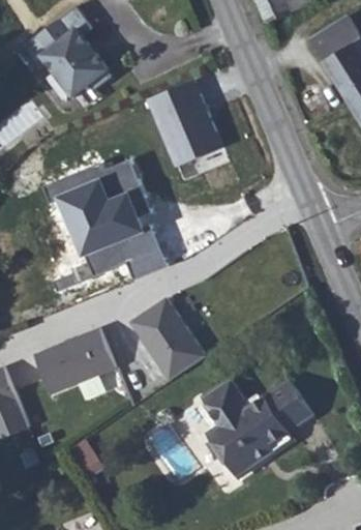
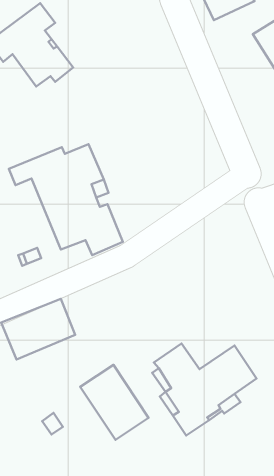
building: [147,80,222,167] -> none
building: [130,298,205,380] -> [80,365,149,440]

